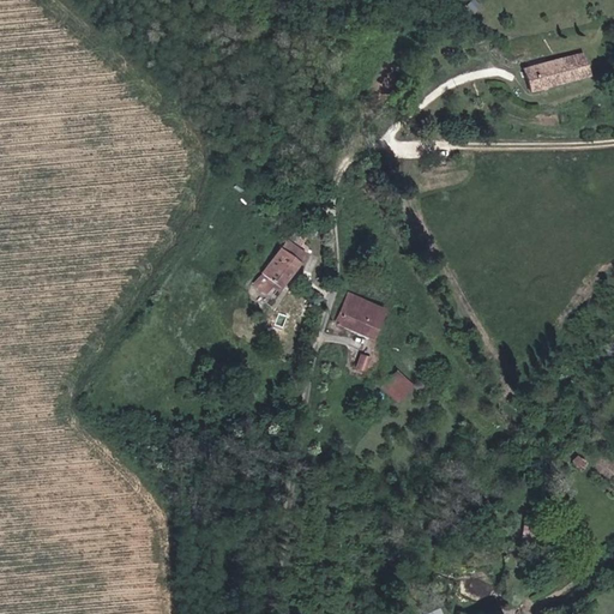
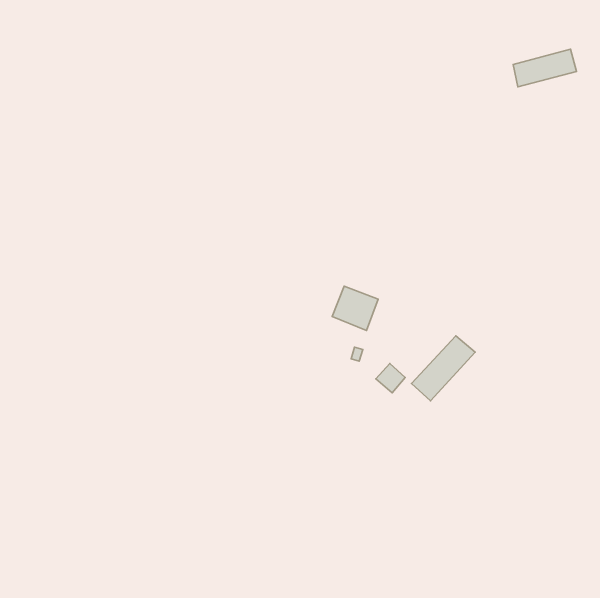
building: [254,240,303,294] -> none
building: none -> [412,336,475,401]

